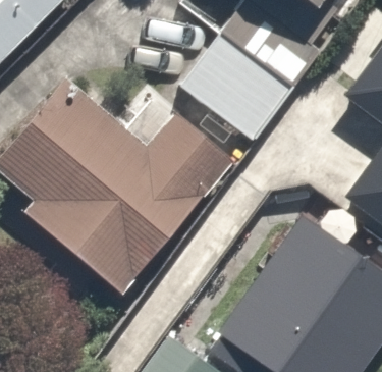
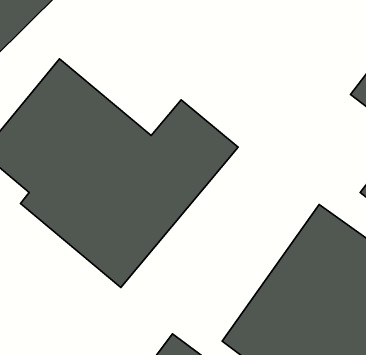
building: [173,25,294,145] -> none

